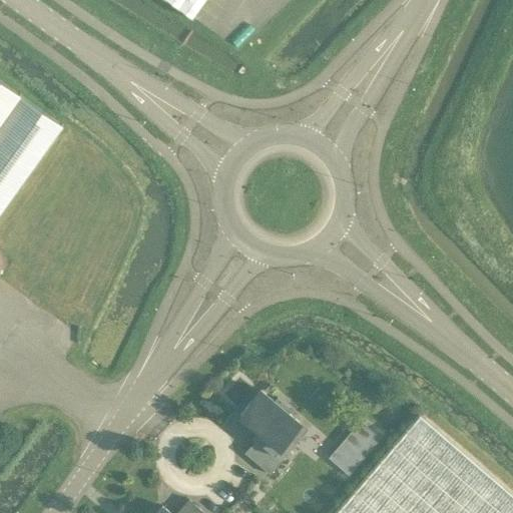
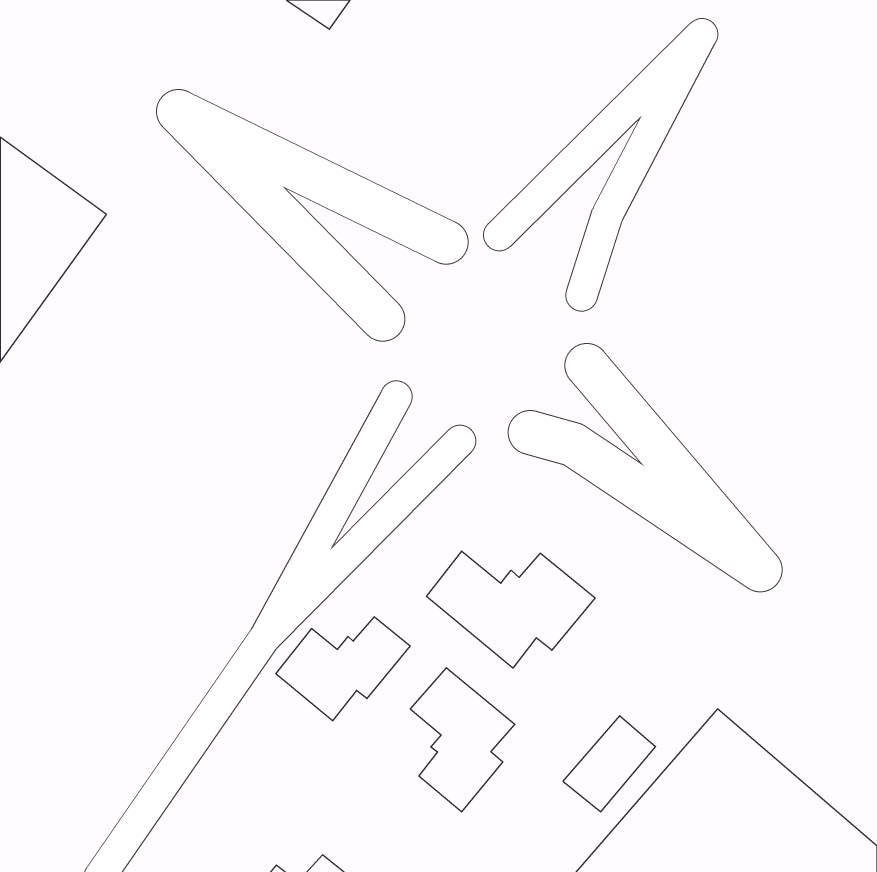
building: none -> [427,551,595,668]
building: none -> [276,617,410,721]

